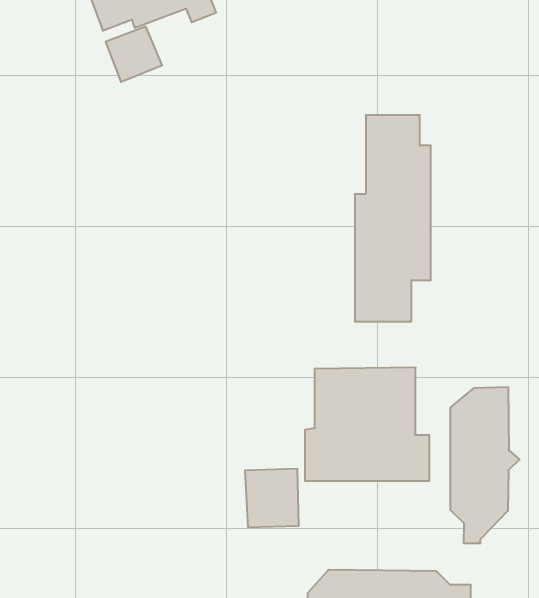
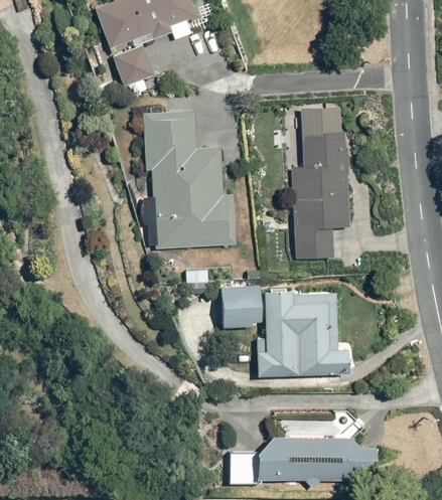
building: none -> [143,112,235,245]
building: [451,387,520,544] -> none
building: [245,469,299,527] -> [219,284,259,326]

